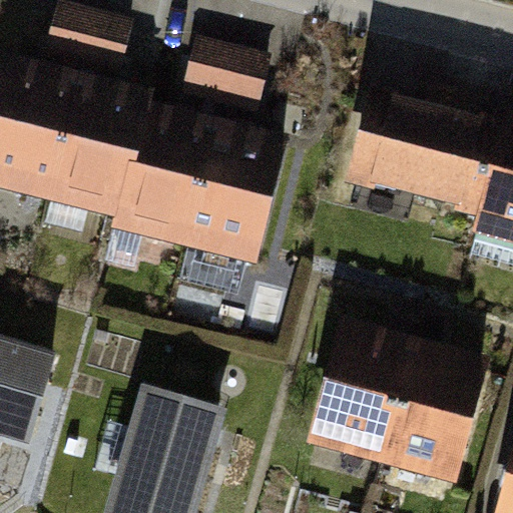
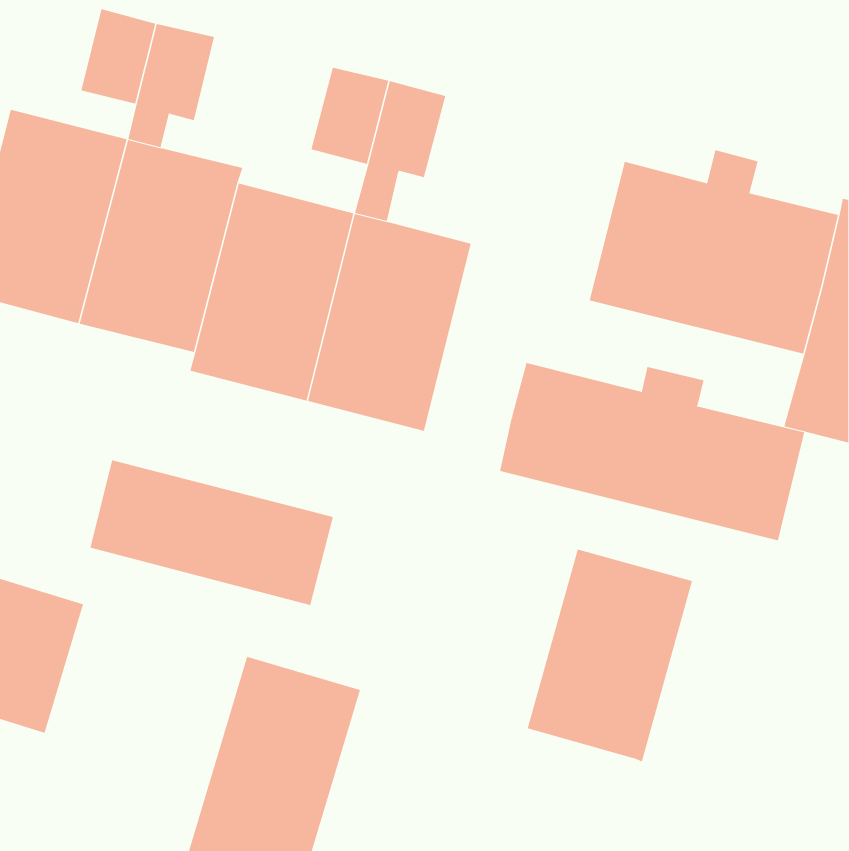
building: none -> [500,362,805,541]
building: none -> [90,460,334,606]
building: [384,351,482,478] -> none

